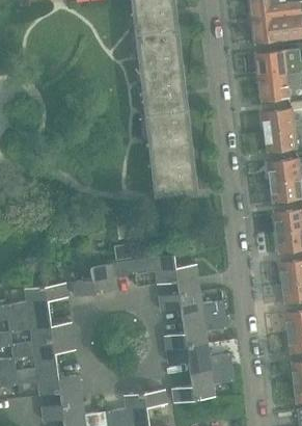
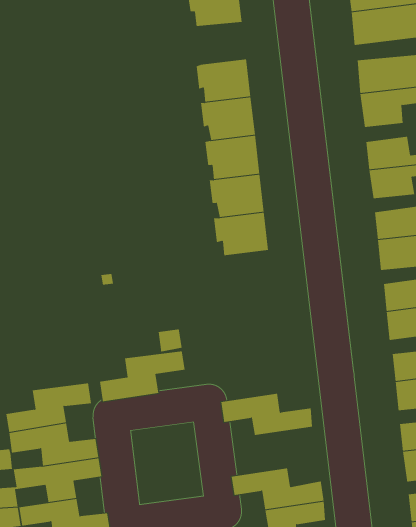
building: [138,26,177,56] -> none
building: [132,254,198,284] -> none
building: [164,314,226,349] -> none

